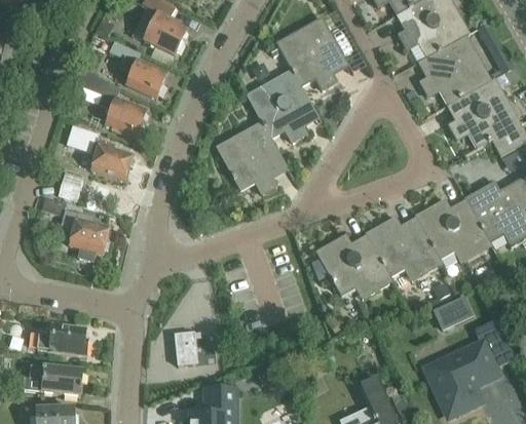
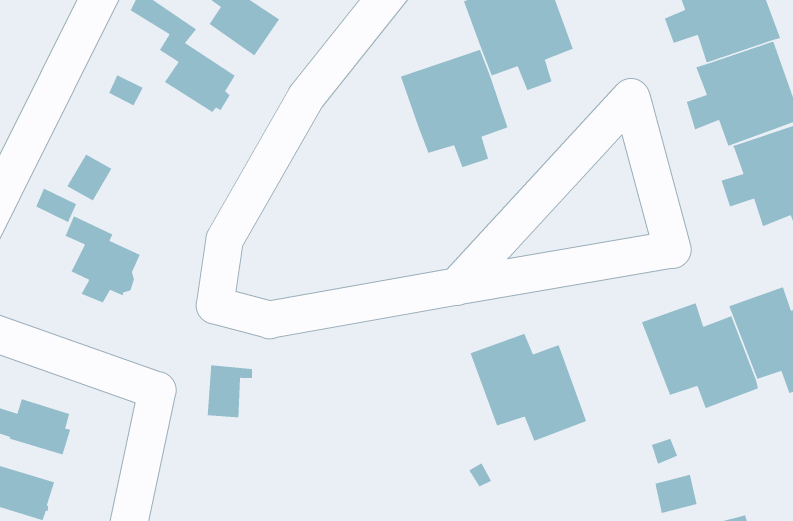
building: [216,122,287,195] -> none
building: [91,139,134,181] -> none
building: [365,217,442,278] -> none
building: [175,333,201,365] -> [207,365,253,418]

